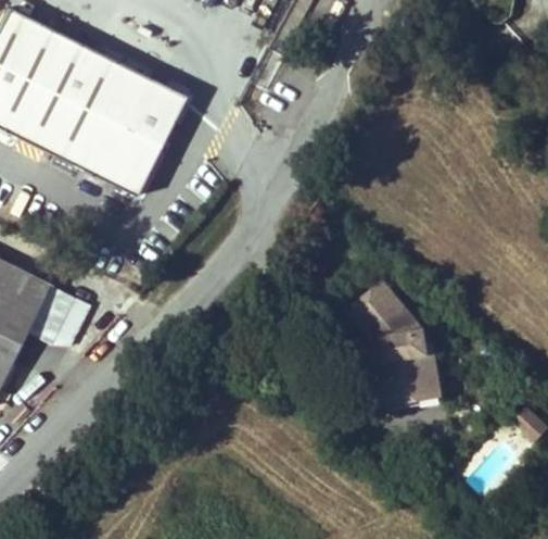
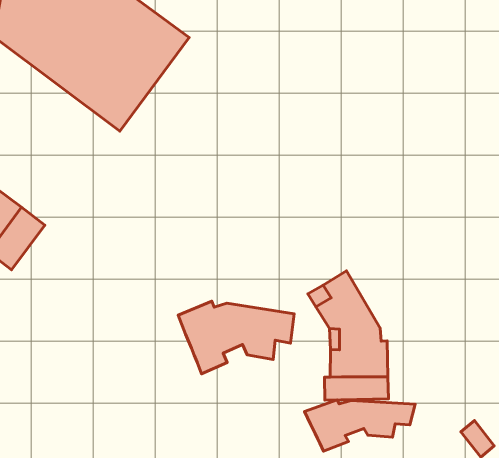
building: none -> [178,301,294,374]
building: none -> [304,400,415,451]

